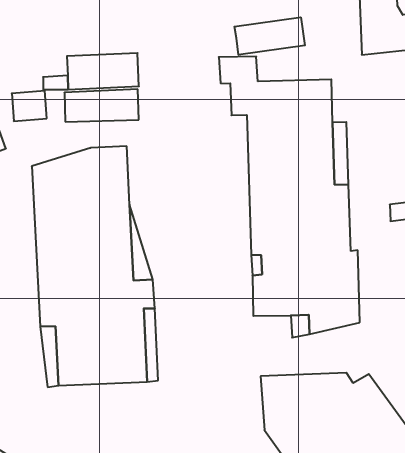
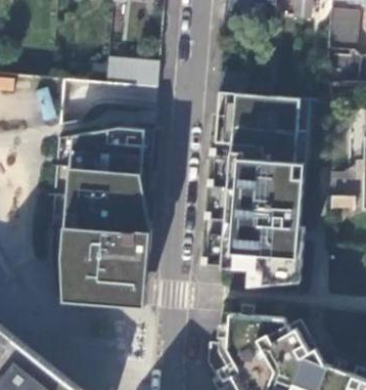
building: [234,17,305,55] -> none

